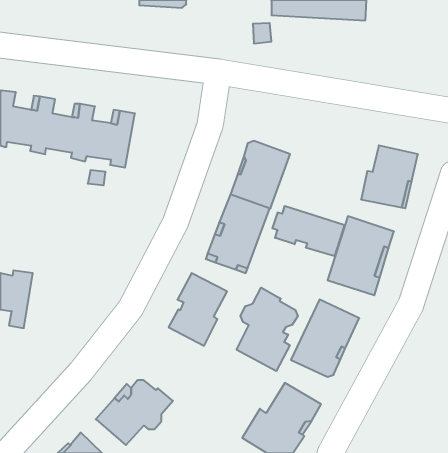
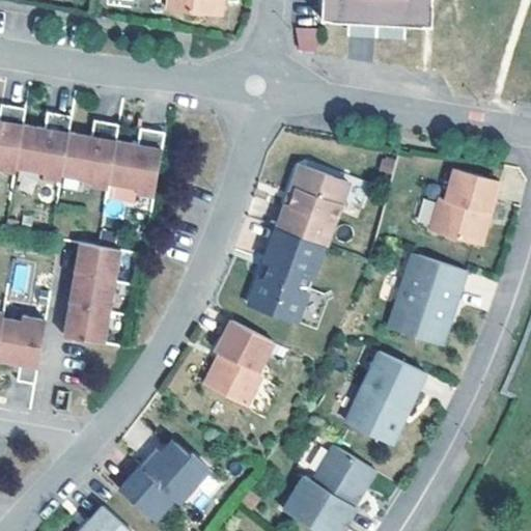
building: [272,206,345,256] -> none
building: none -> [63,243,120,343]
building: [237,288,298,371] -> none

